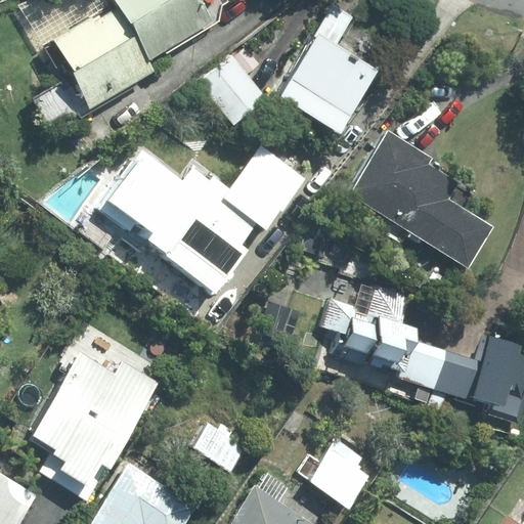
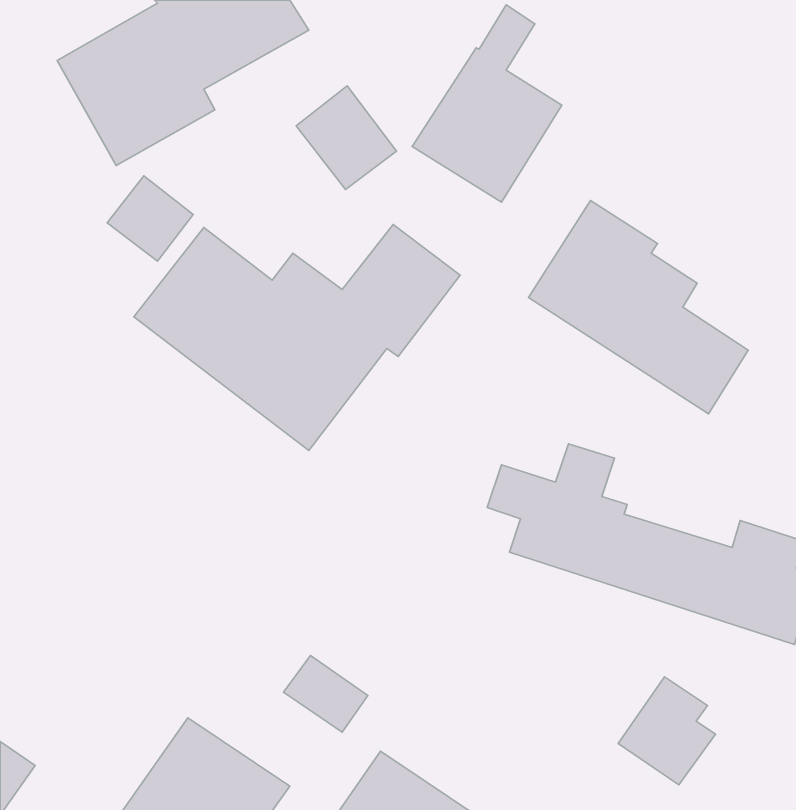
building: none -> [107,176,193,261]
building: [29,353,161,501] -> none
building: [308,439,370,509] -> [618,677,715,785]

